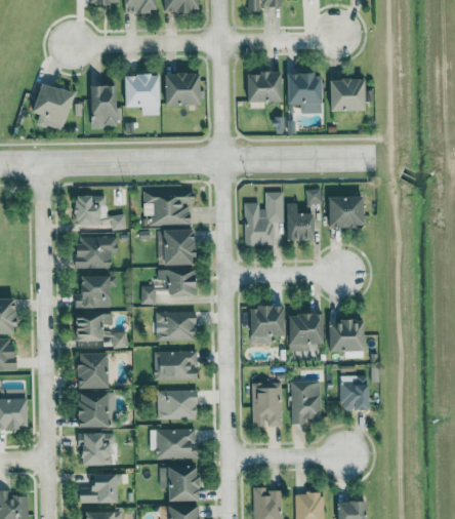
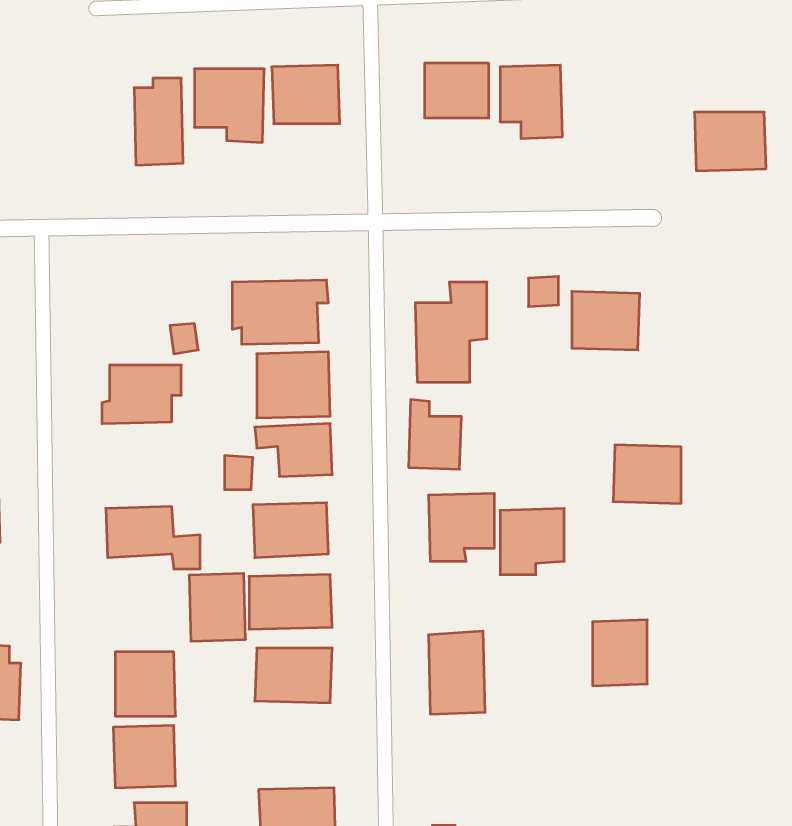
building: [328,80,367,112] -> [694,112,766,171]
building: [33,82,76,132] -> none
building: [76,196,107,225] -> none
building: [286,203,315,241] -> [409,400,461,469]
building: [74,276,116,309] -> none
building: [328,320,365,352] -> [613,445,681,503]
building: [79,353,110,390] -> [189,573,246,641]
building: [289,382,320,424] -> none
building: [155,429,197,460] -> none

